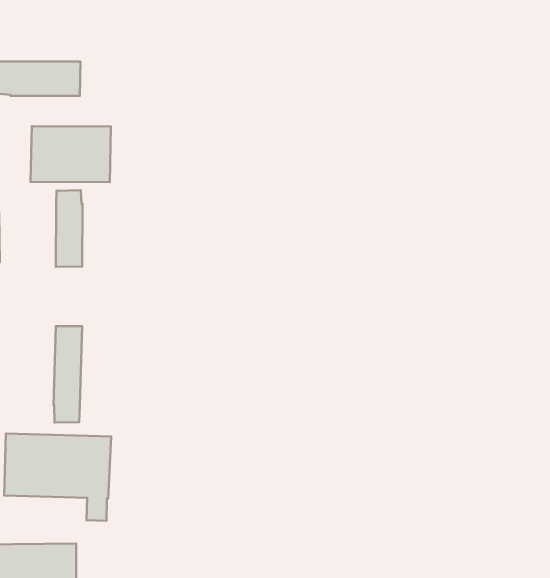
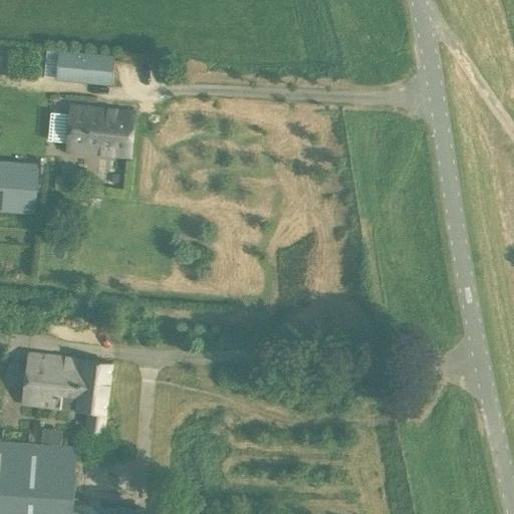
building: [56,190,82,267] -> none
building: [53,326,82,422] -> none

